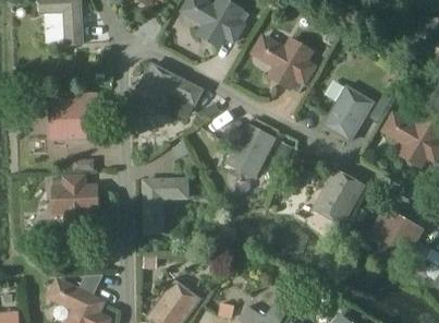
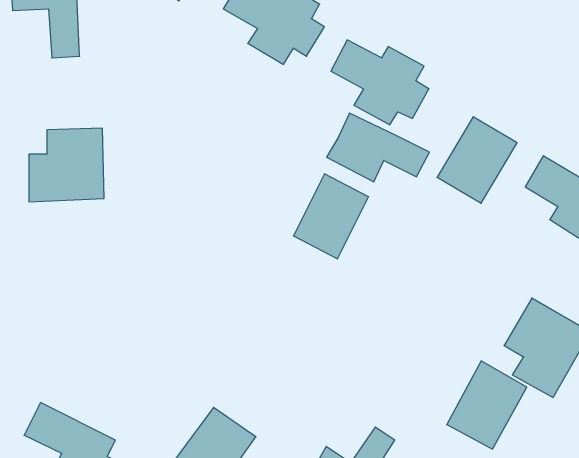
building: [134,62,203,108] -> [327,113,429,182]
building: [312,167,365,226] -> [447,361,527,449]
building: [51,174,97,239] -> none
building: [142,178,188,234] -> none

